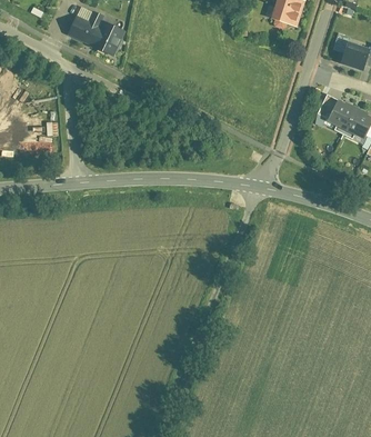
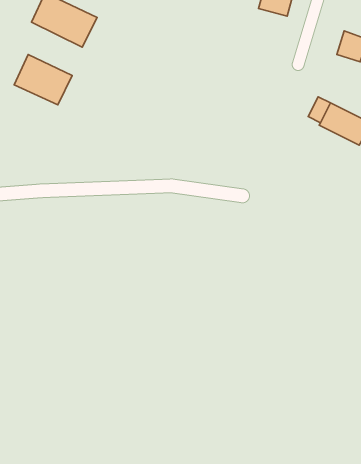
building: none -> [14,55,72,105]

